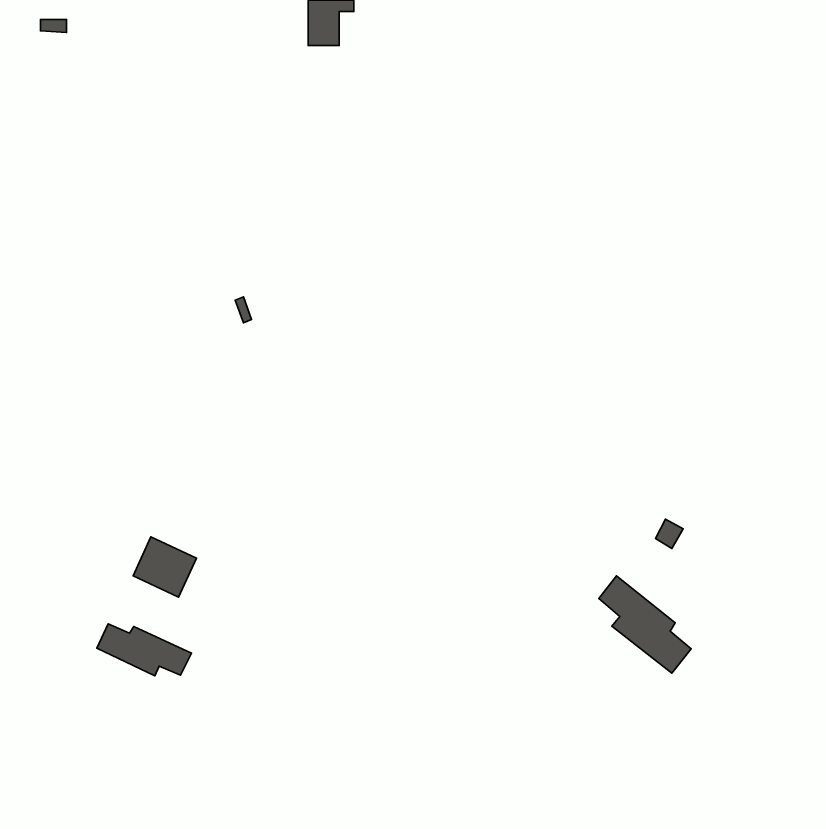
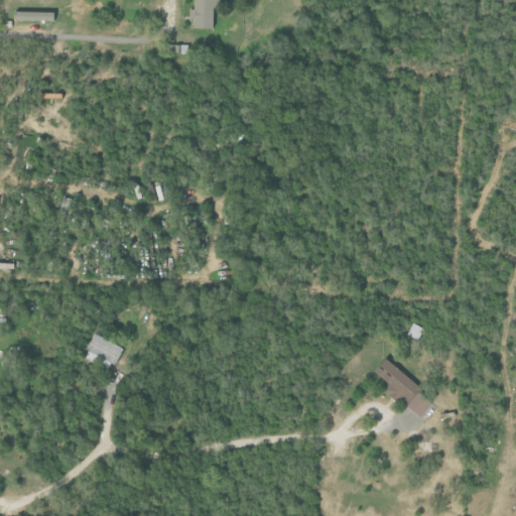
building: [97,624,191,676] -> none

